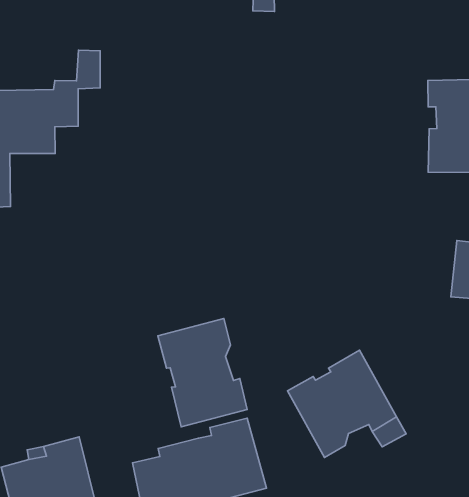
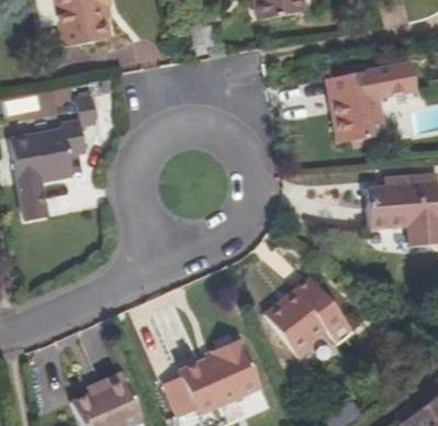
building: [158,319,247,427] -> none

